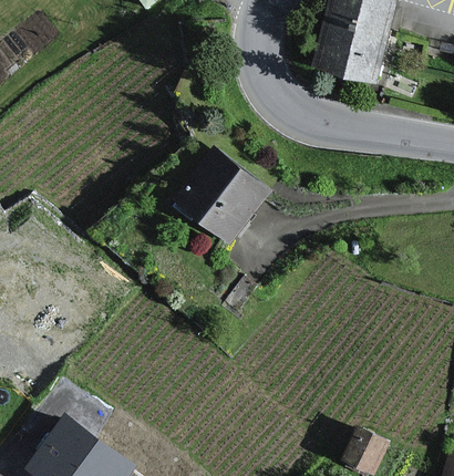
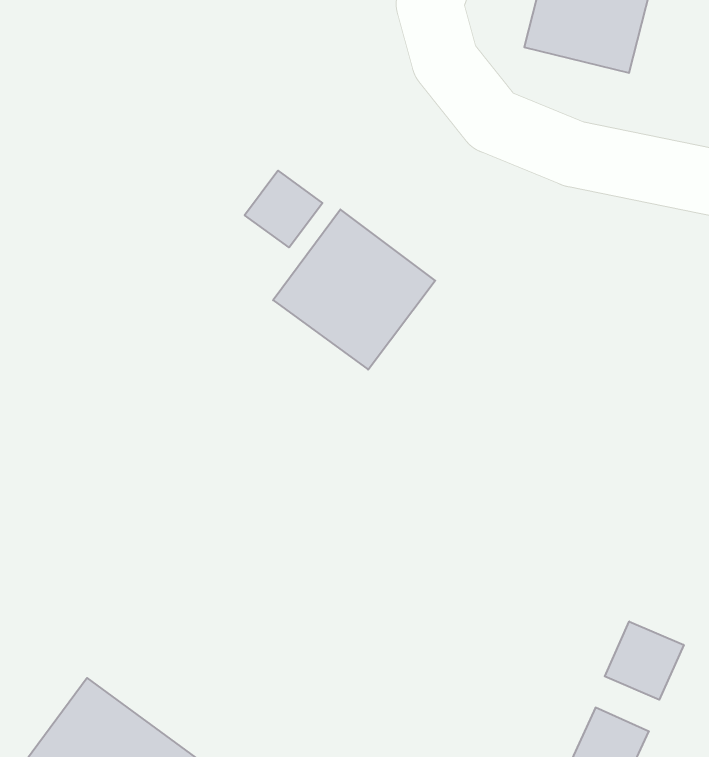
building: none -> [245,171,322,247]
building: none -> [605,621,684,700]

